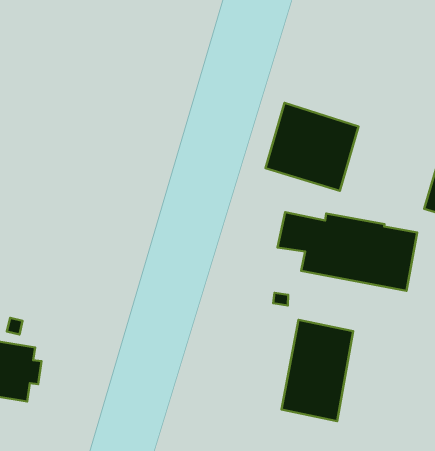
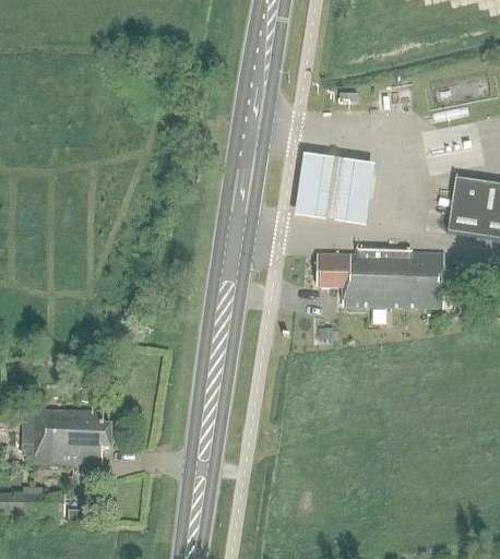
building: [282,320,353,421] -> none

